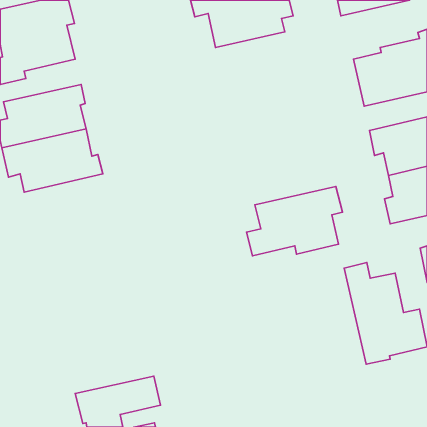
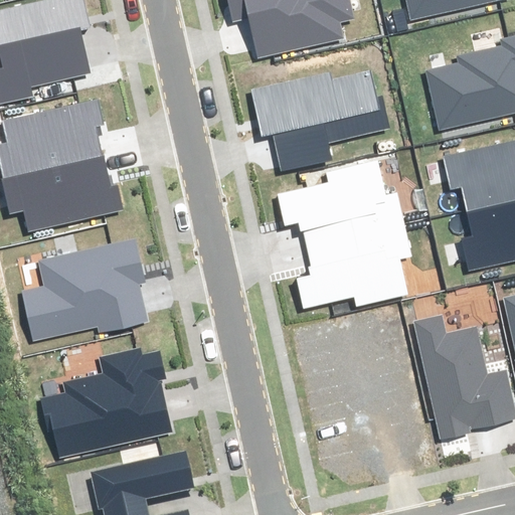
building: none -> [252,71,382,170]
building: none -> [278,162,404,246]
building: none -> [23,240,147,340]
building: none -> [41,350,170,458]

